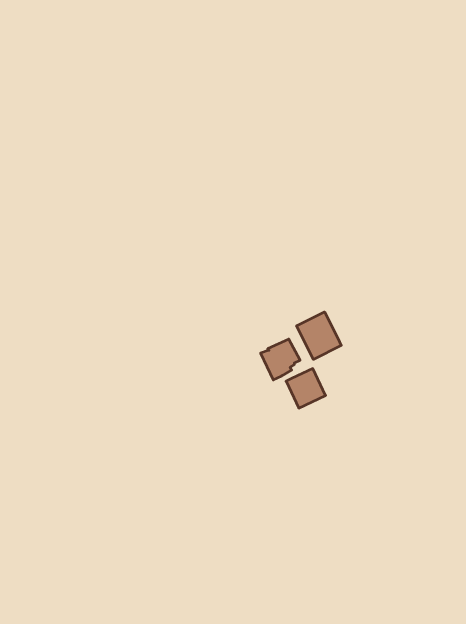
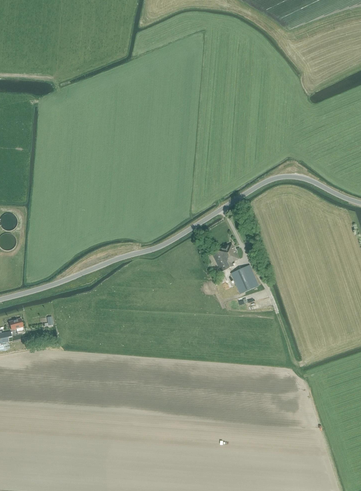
building: [297,312,341,359] -> none

